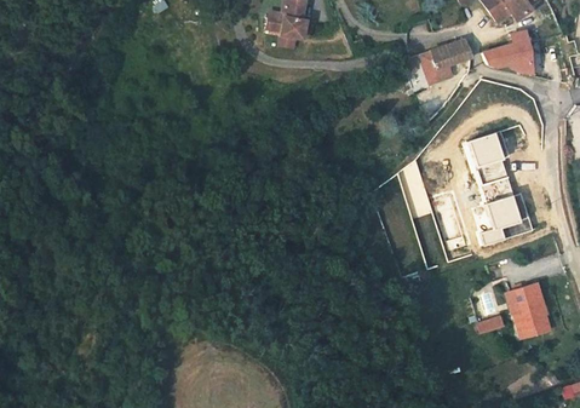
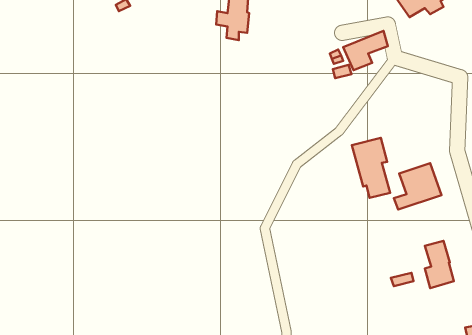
building: [483,31,536,70] -> none
building: [466,131,511,201] -> [352,138,390,198]

